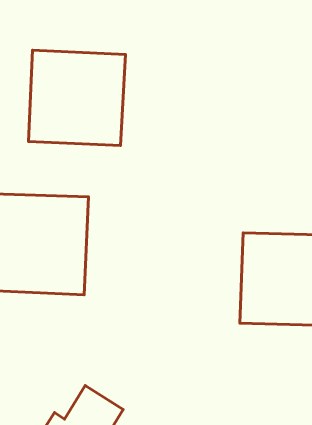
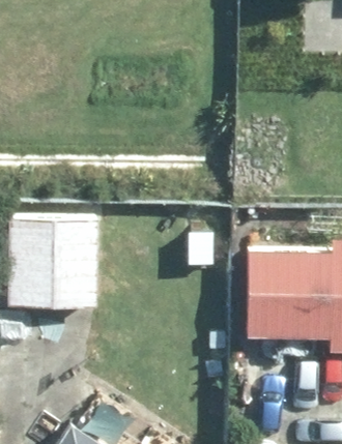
building: [28,50,126,146] -> none

